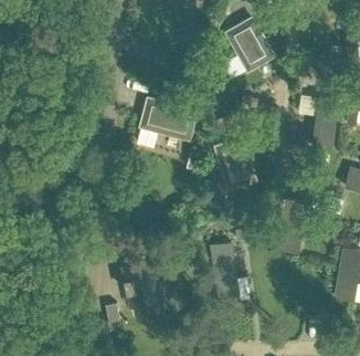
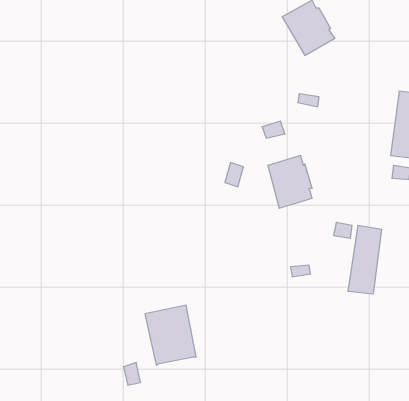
building: [139,96,198,140] -> none
building: [209,243,239,302] -> none

